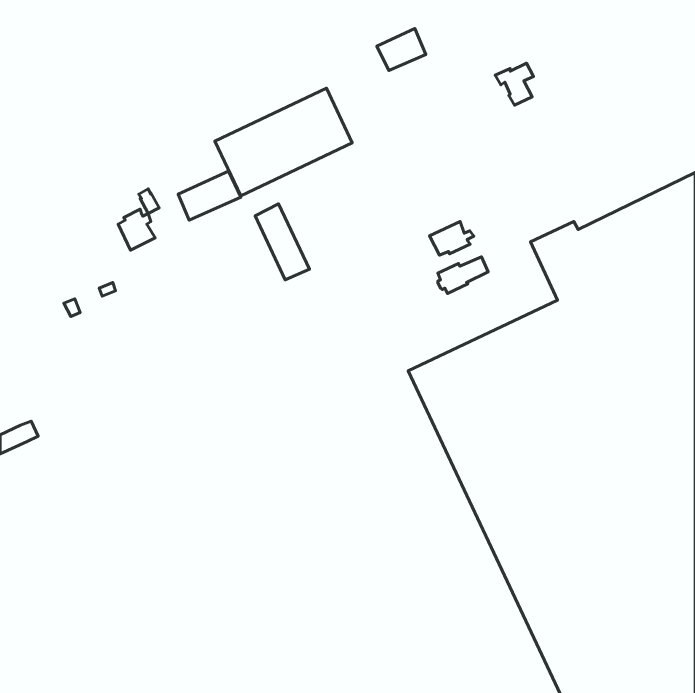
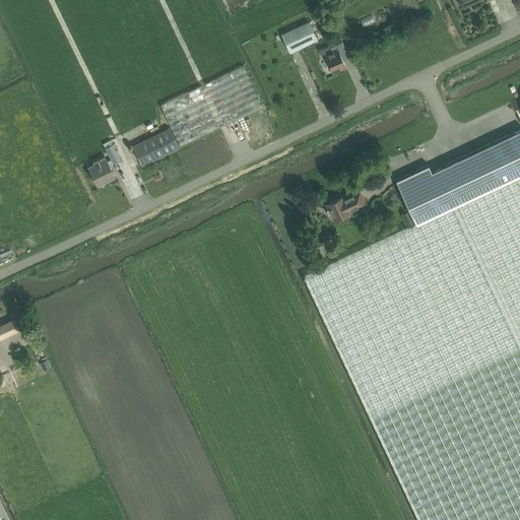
building: [495,63,533,105] -> [319,43,347,74]
building: [255,204,310,280] -> none
building: [430,221,474,255] -> none

